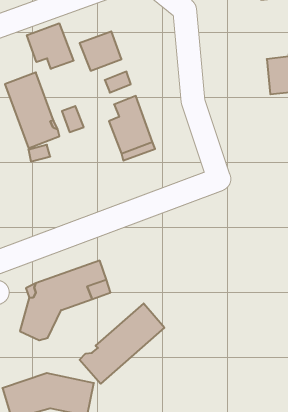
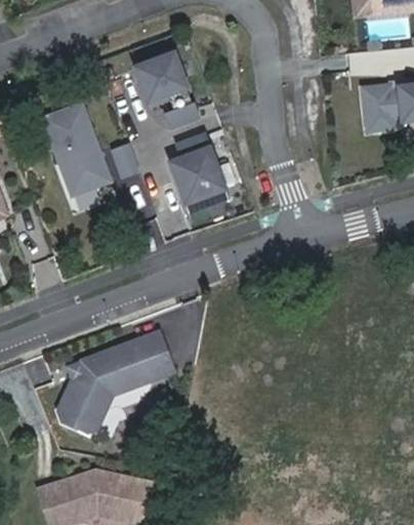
building: [27,23,74,69] -> none
building: [80,303,164,384] -> none

